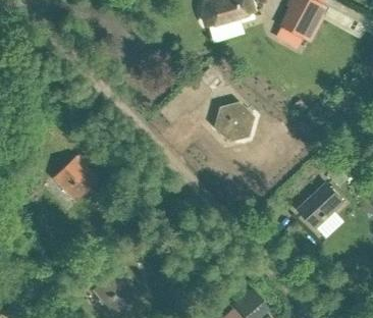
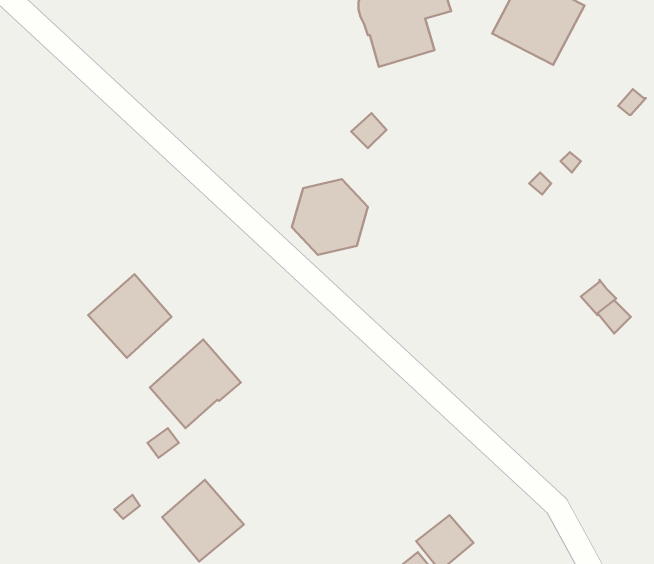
building: [213,102,255,144] -> [292,179,368,255]
building: [299,182,347,229] -> none
building: none -> [150,340,241,428]

